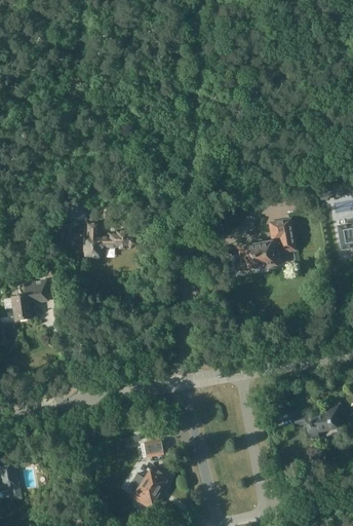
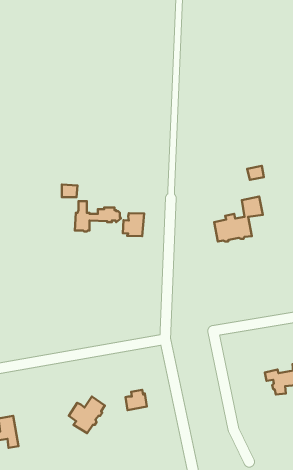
building: none -> [123,213,144,236]
building: [12,280,50,321] -> none
building: [128,466,168,508] -> [69,396,105,433]

